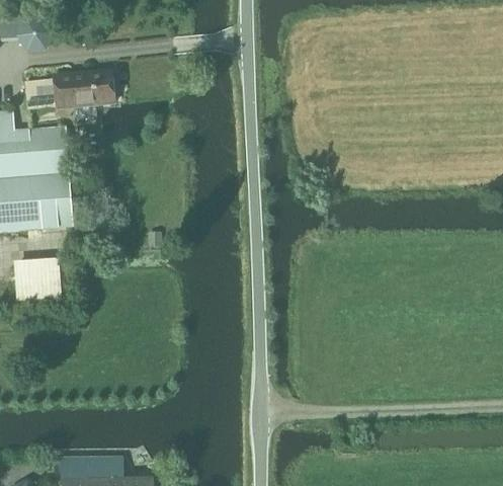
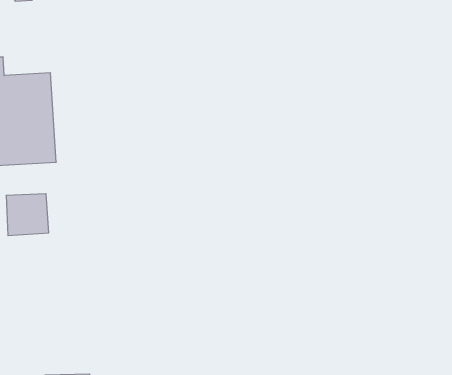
building: [24,69,113,117] -> none

